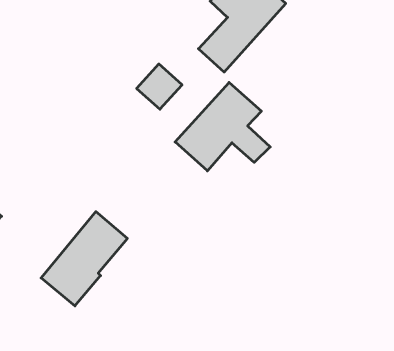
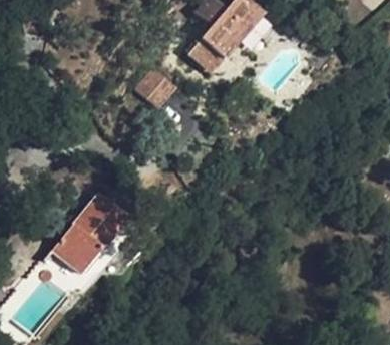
building: [175,82,270,171] -> none

